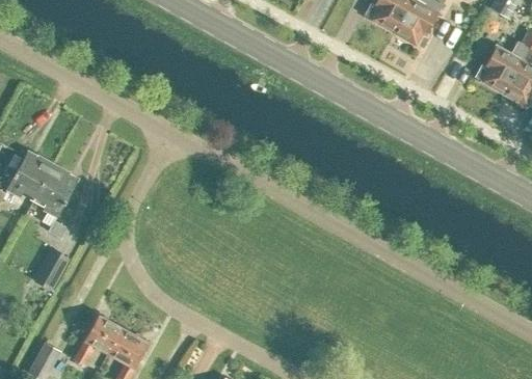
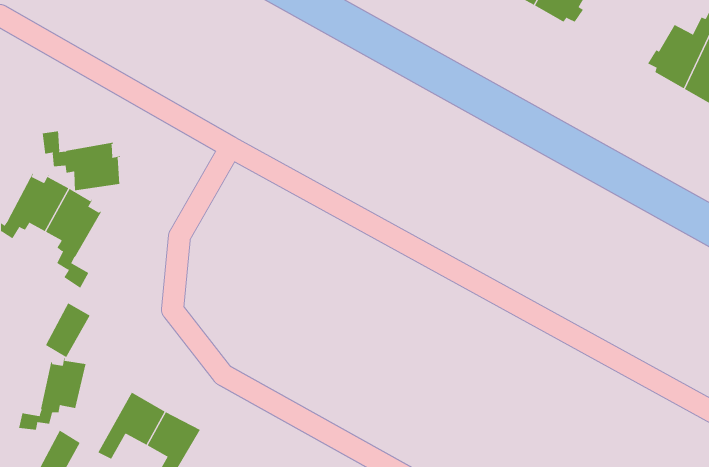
building: none -> [42,130,121,191]
building: none -> [18,357,86,430]

